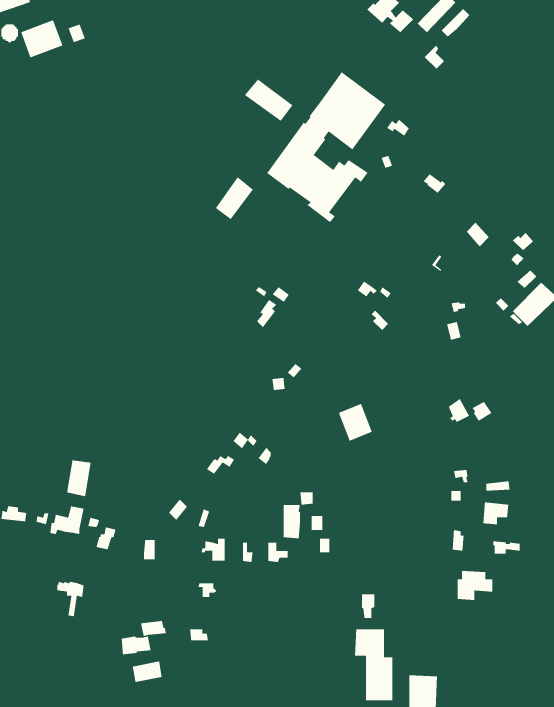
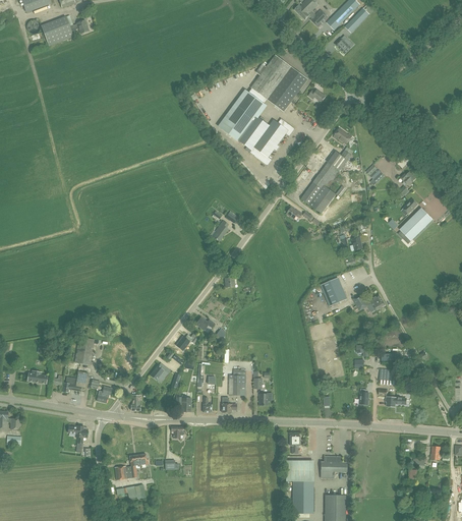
building: [244,78,293,122] -> none
building: [215,176,254,220] -> none
building: none -> [300,151,351,214]
building: [338,403,373,442] -> [320,278,345,306]
building: [457,570,493,601] -> [320,455,346,477]

